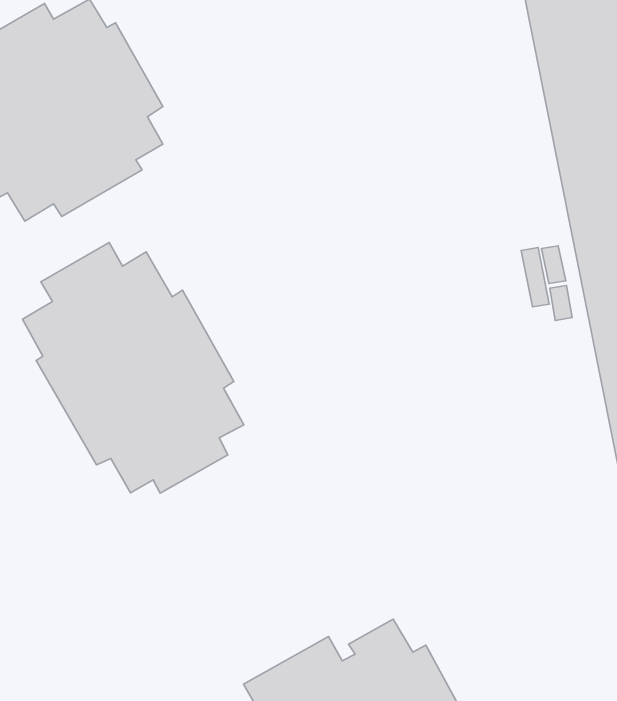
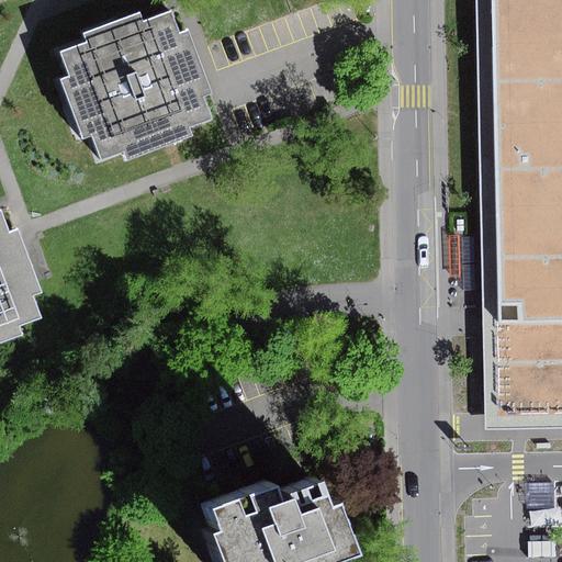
building: [23,243,244,493] -> none

